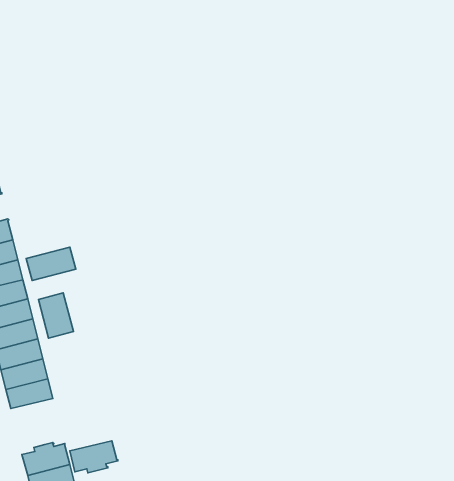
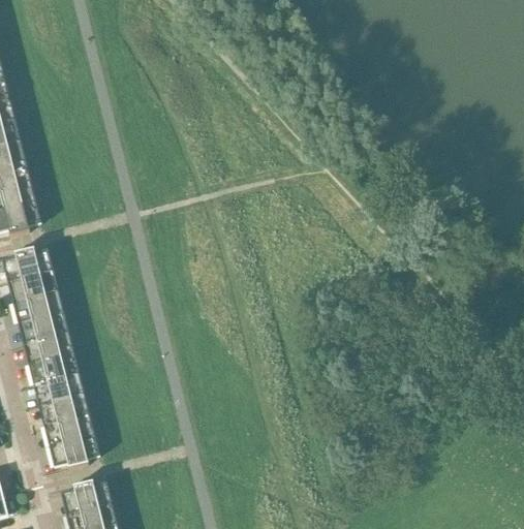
building: [26,247,76,281] -> none
building: [38,293,73,338] -> none
building: [70,441,118,473] -> [50,432,99,465]

